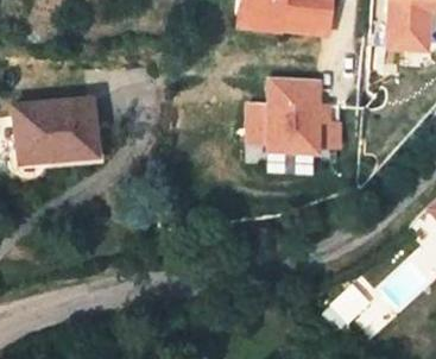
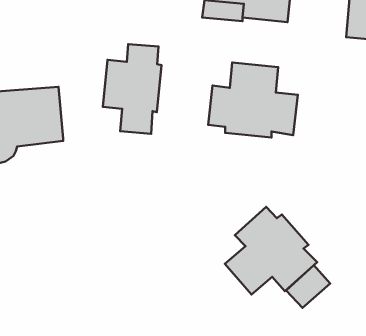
building: none -> [103,44,161,134]
building: none -> [225,207,317,295]

